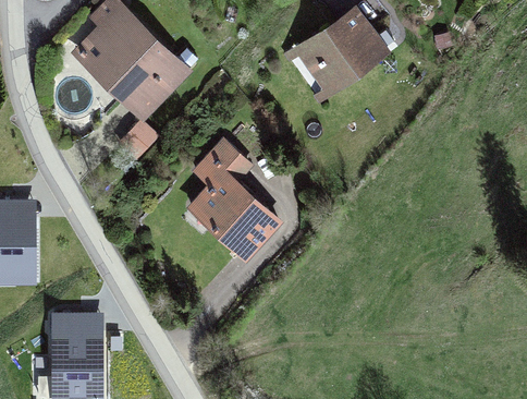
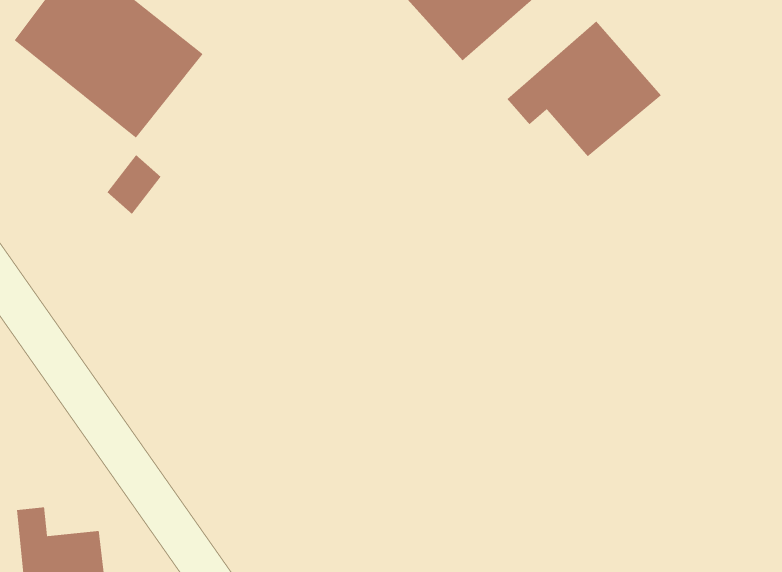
building: none -> [507,20,662,157]
building: [191,141,277,255] -> none

